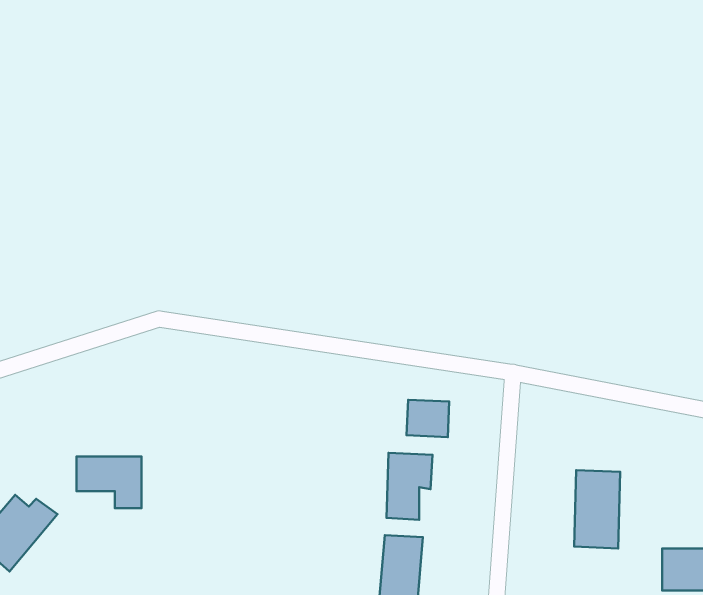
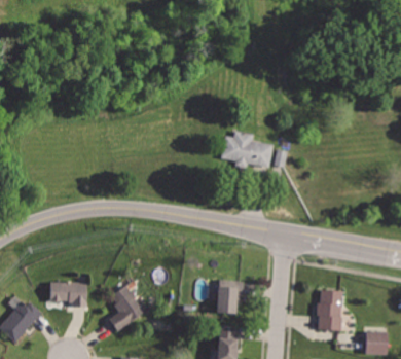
building: none -> [219,132,270,170]
building: [406,400,449,437] -> none
building: none -> [106,286,145,333]

